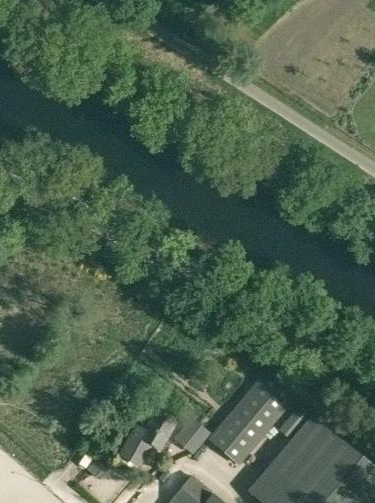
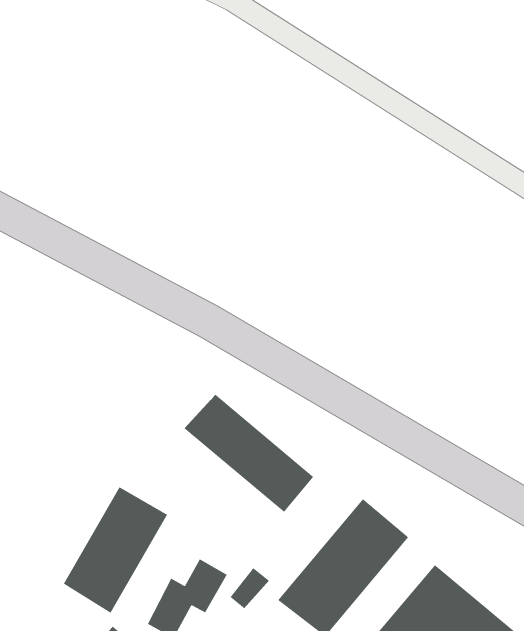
building: none -> [183,394,314,513]
building: none -> [63,486,168,614]

